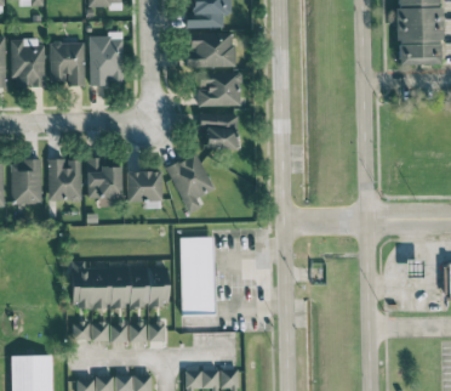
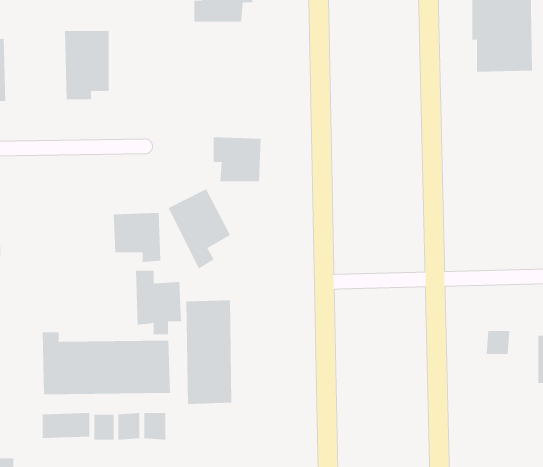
building: [187,33,234,68] -> none
building: [50,41,85,85] -> none
building: [196,73,241,107] -> none
building: [86,158,121,206] -> [135,270,182,335]
building: [47,159,81,202] -> none

